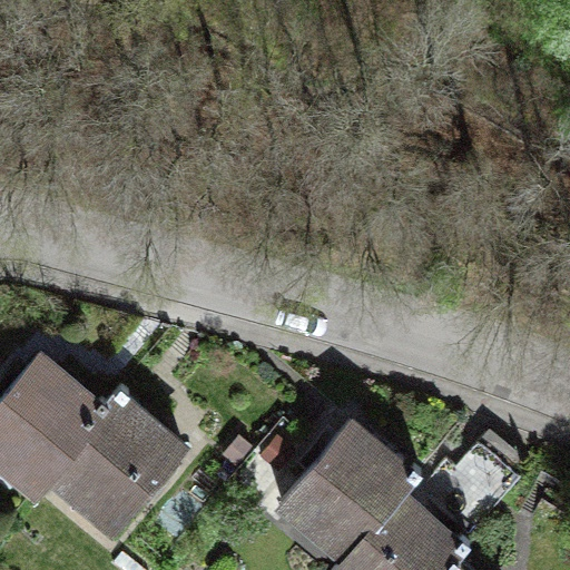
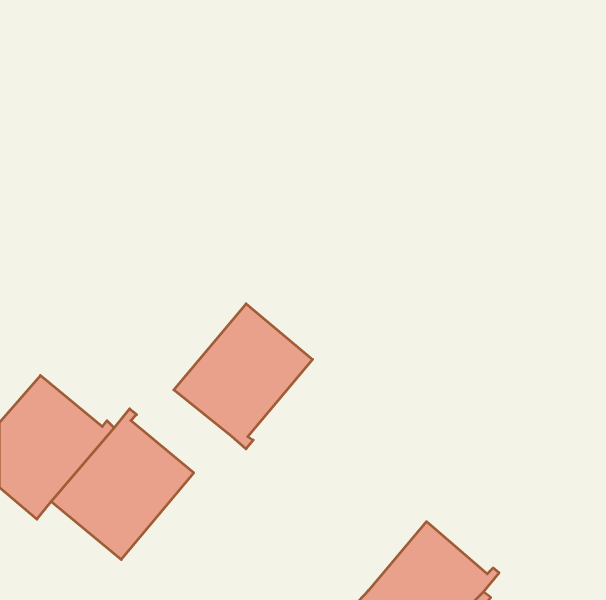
building: none -> [174,304,313,449]
building: [281,424,419,560] -> none

